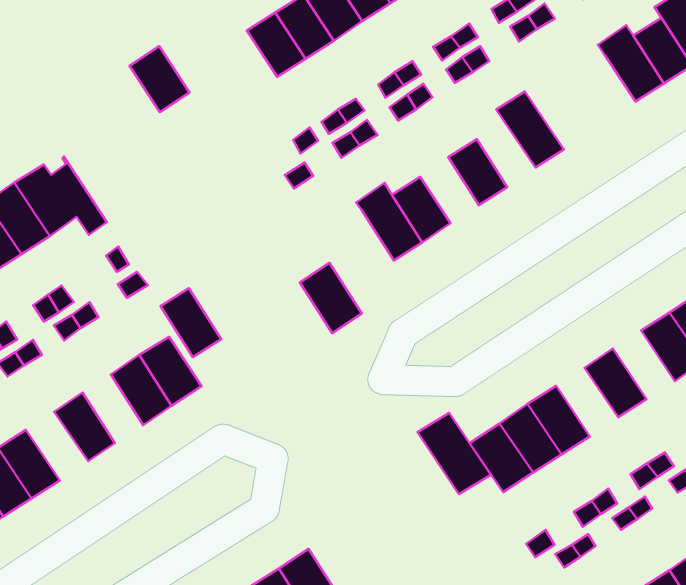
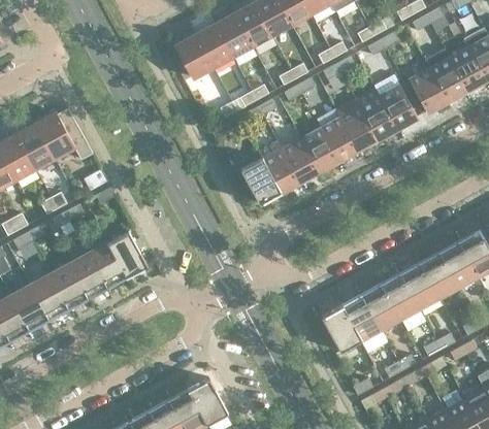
building: [129,46,190,112] -> [174,34,213,77]
building: none -> [409,69,447,112]
building: none -> [379,85,418,129]
building: none -> [335,99,378,151]
building: none -> [301,128,338,171]
building: [300,263,362,333] -> [240,158,280,204]
building: [160,288,221,357] -> [68,253,106,298]
building: none -> [419,252,458,297]
building: none -> [380,273,419,319]
building: none -> [29,274,68,320]
building: [418,413,491,494] -> none

